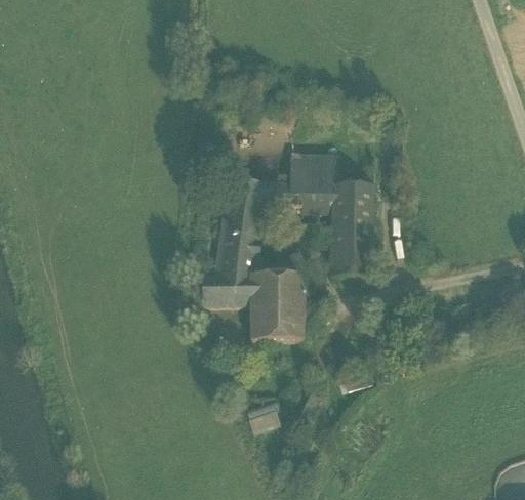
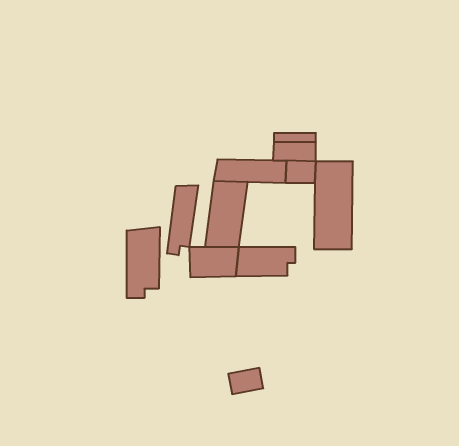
building: none -> [167,185,198,255]
building: none -> [127,227,160,298]
building: [250,303,305,339] -> none

